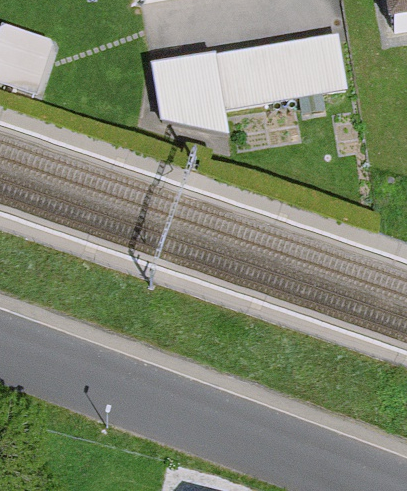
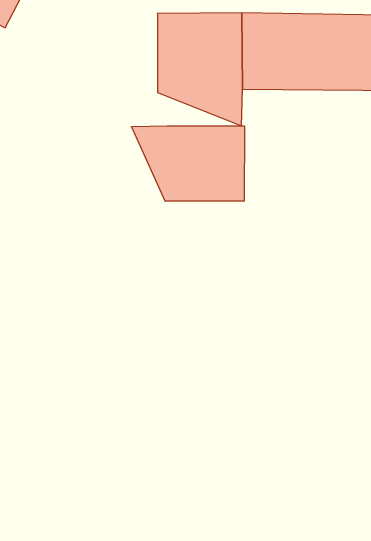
building: none -> [131,126,244,201]

